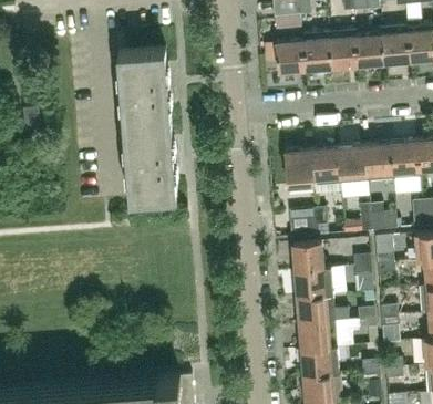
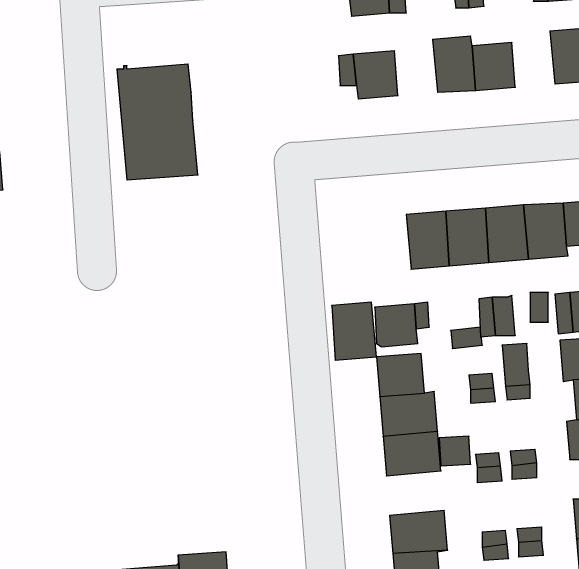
building: [381,28,410,65] -> none
building: [301,33,331,71] -> none
building: [123,124,176,203] -> none
building: [283,151,313,189] -> [332,302,376,360]
building: [297,322,336,352] -> none

